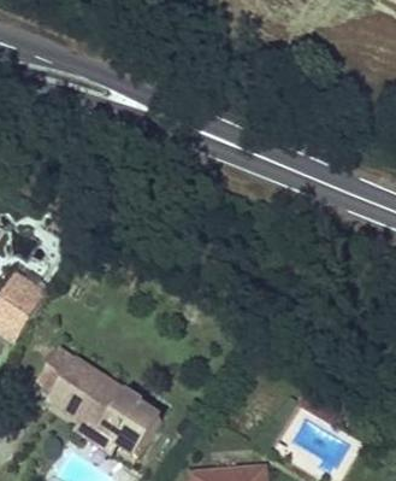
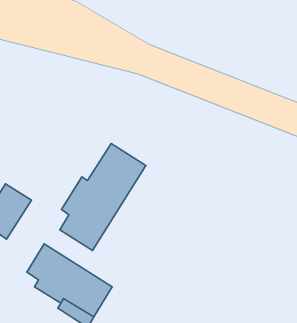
building: none -> [60,143,146,251]

